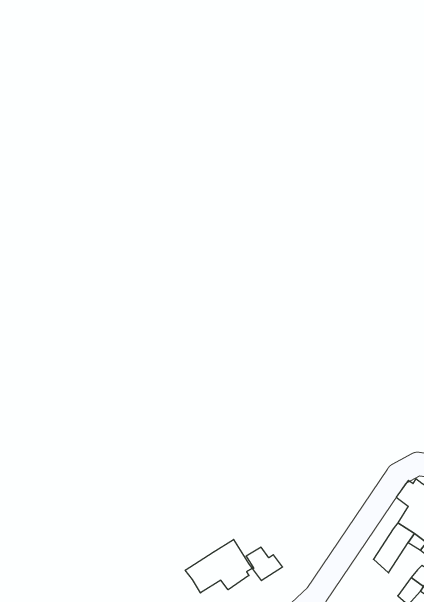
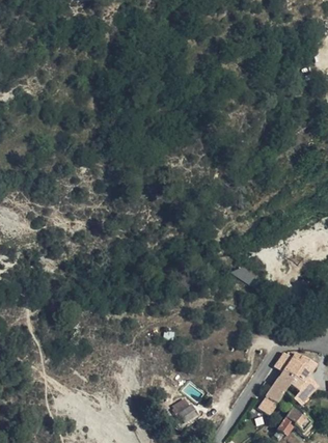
building: [185,539,252,593] -> none

